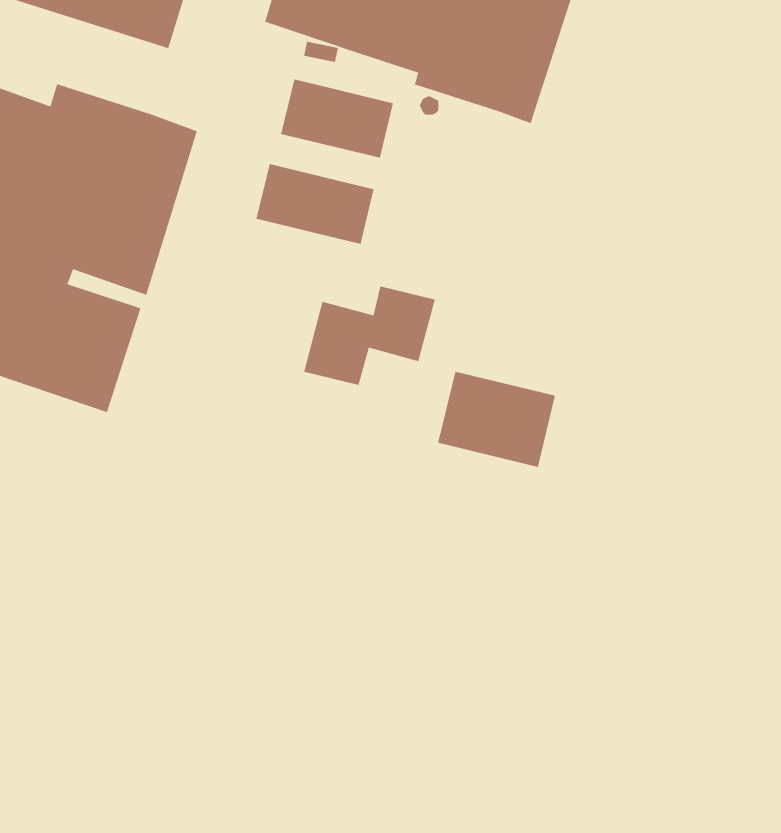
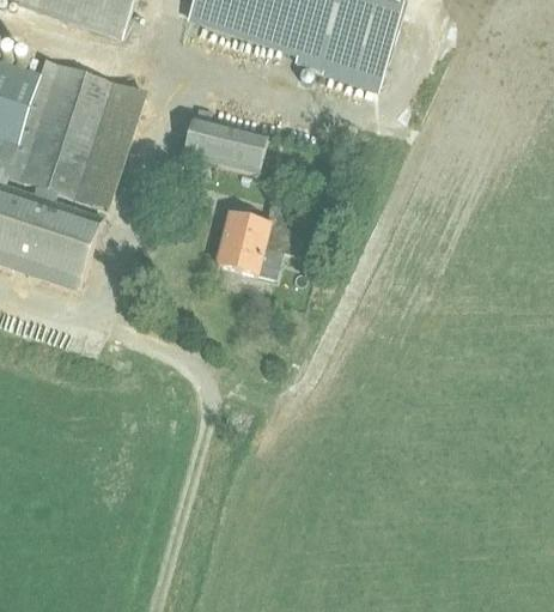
building: [280,79,394,159] -> none
building: [437,371,556,468] -> none

